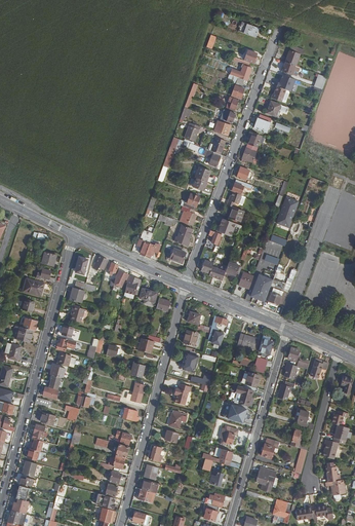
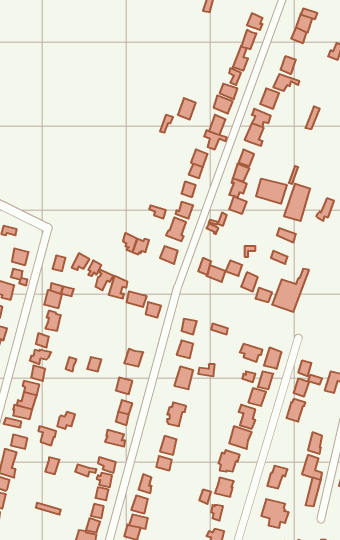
building: none -> [256,179,287,204]

